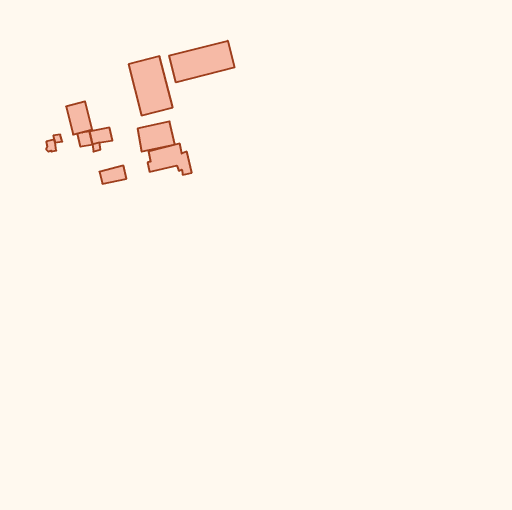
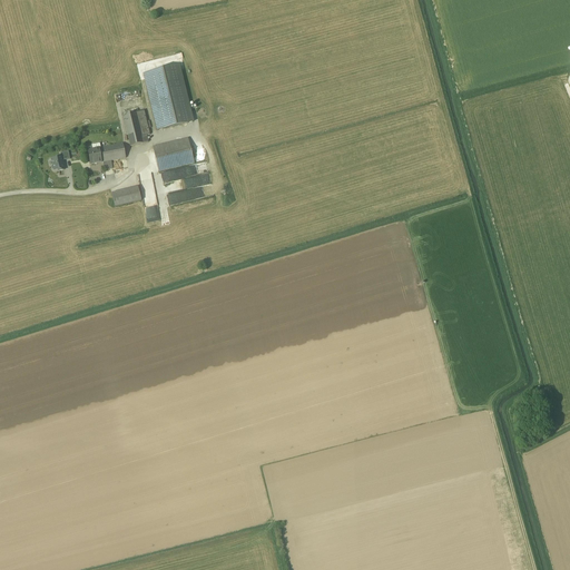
building: [169,41,234,82] -> none
building: [66,101,92,135] -> [121,108,150,145]

